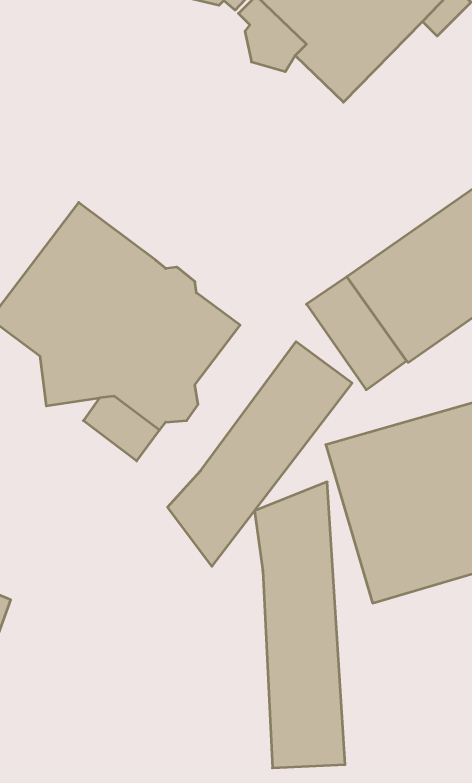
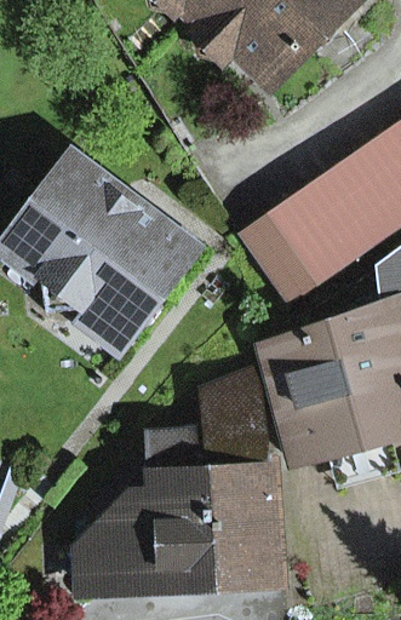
building: [168,342,352,566] -> none
building: none -> [85,437,218,591]

